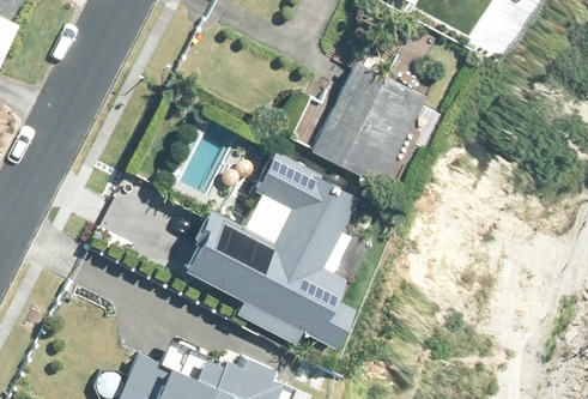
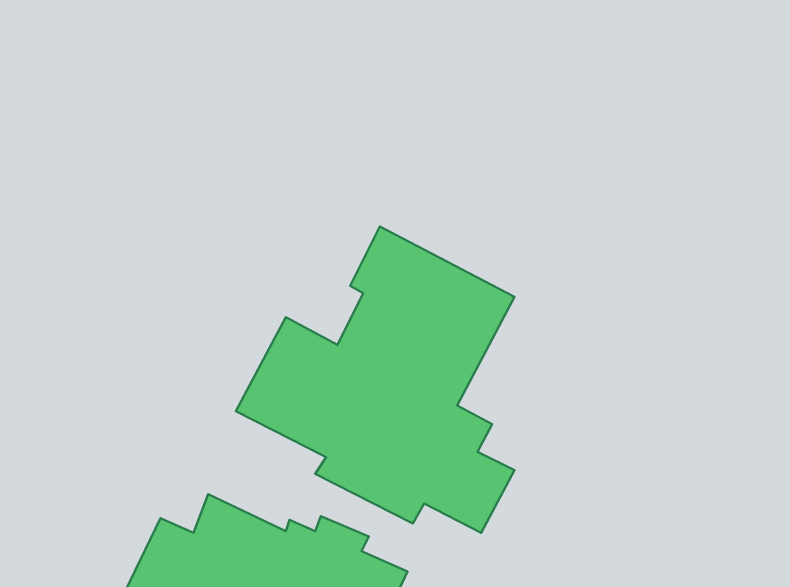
building: [311,60,425,182] -> none

